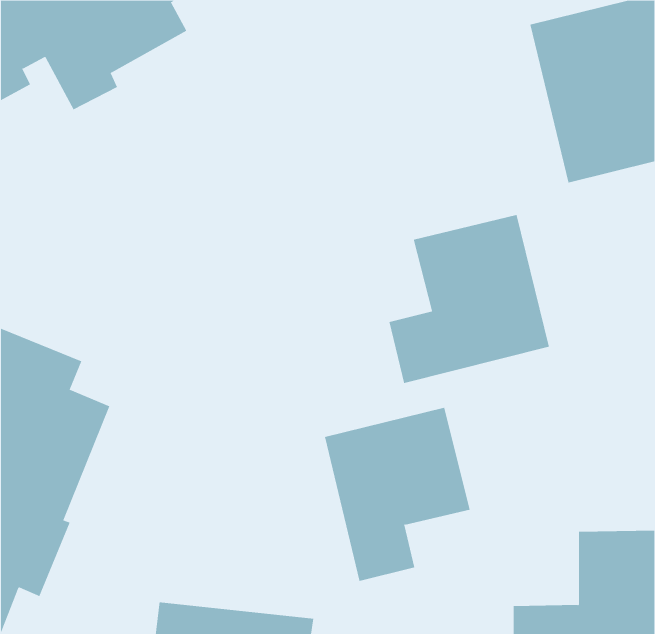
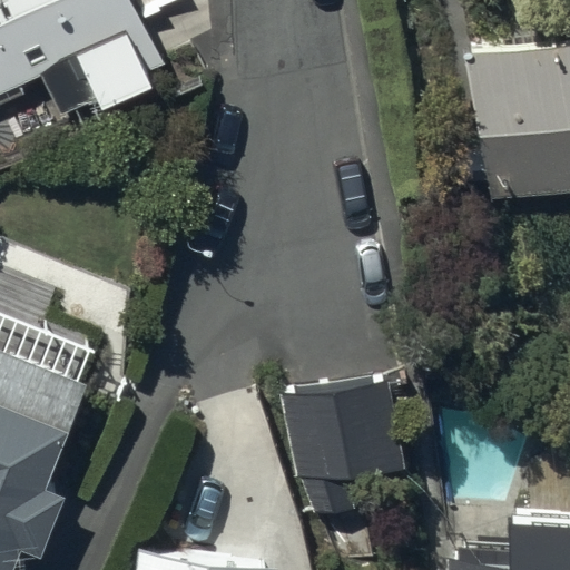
building: [389,214,550,384] -> none

